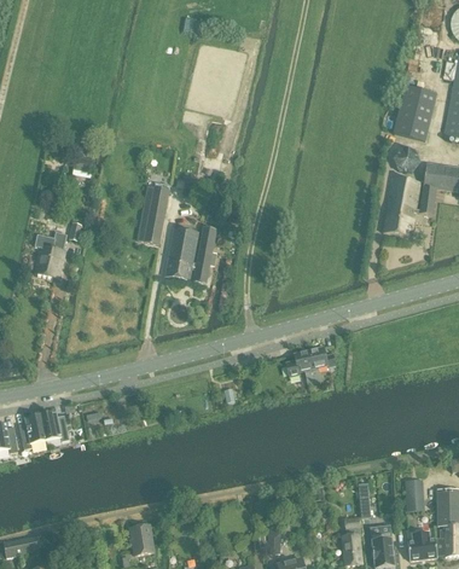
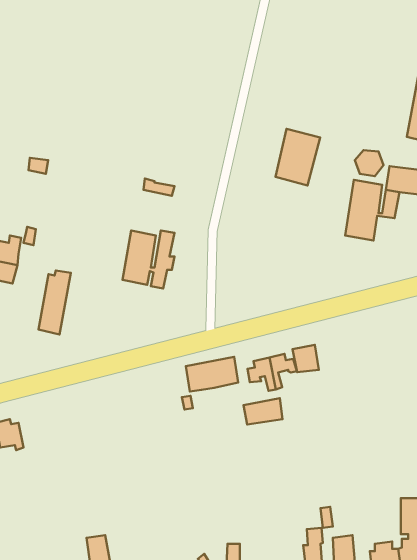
building: [394,86,437,141] -> [275,129,320,186]
building: [138,181,169,244] -> [39,270,71,335]
building: none -> [293,345,319,372]
building: none -> [186,357,238,392]
building: none -> [243,398,282,425]
building: [405,478,424,511] -> none

